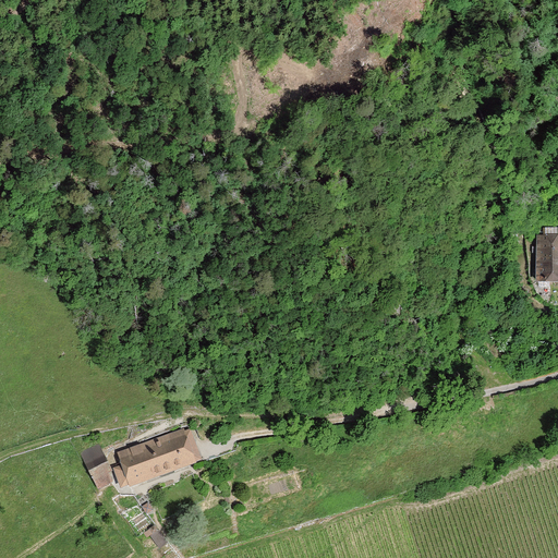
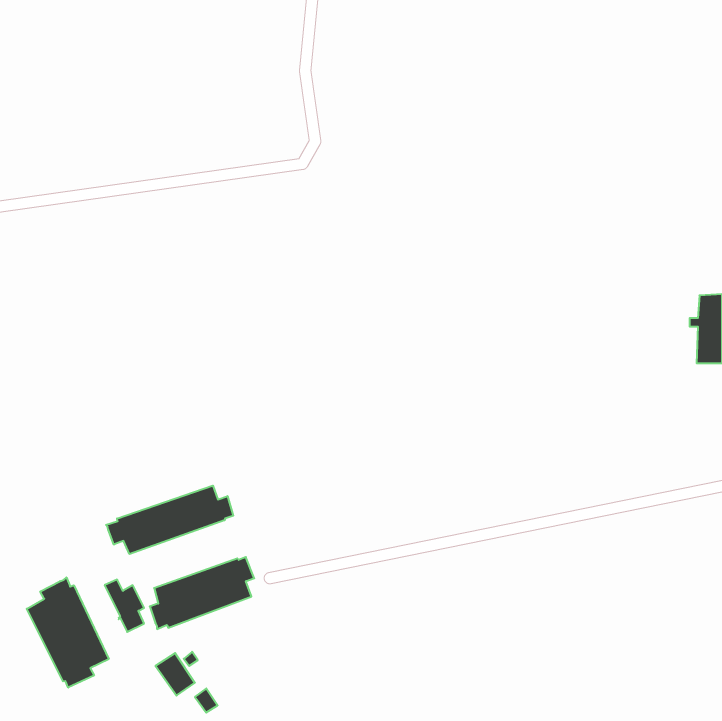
building: none -> [106,486,233,554]
building: none -> [27,577,109,688]

